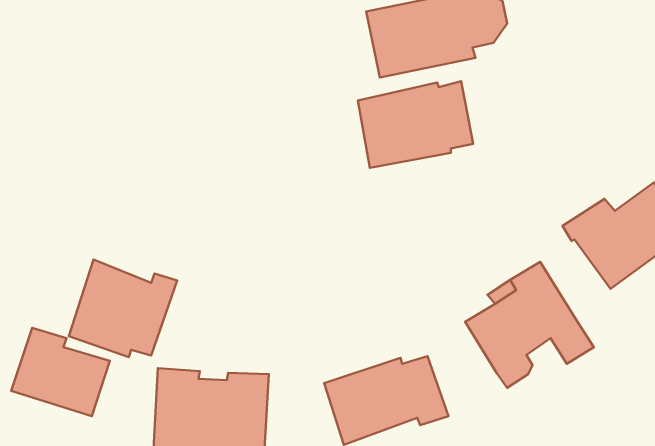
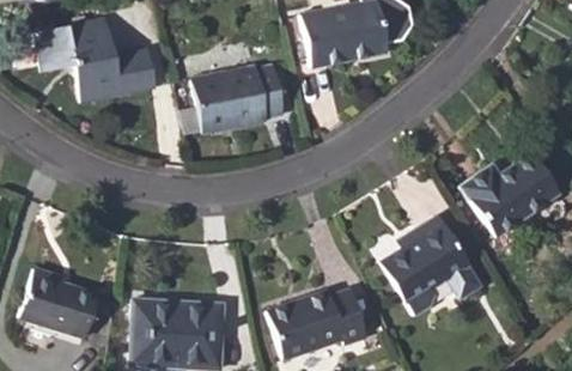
building: none -> [37,17,156,101]
building: [358,81,473,168] -> [193,63,285,133]
building: [69,260,177,357] -> none

